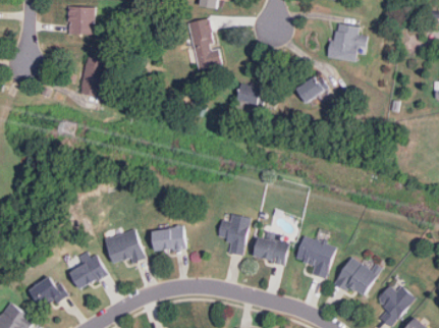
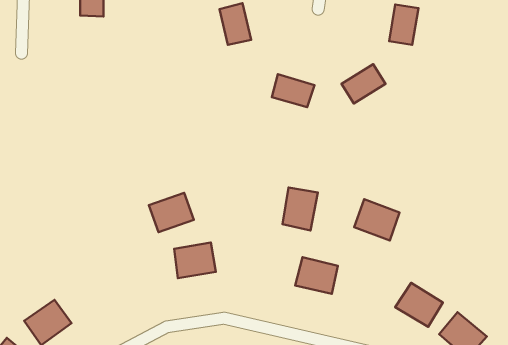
building: [80,60,106,94] -> none
building: [219,214,249,250] -> [282,188,318,230]
building: [105,231,143,264] -> [149,193,194,232]
building: [296,235,334,270] -> [354,199,399,241]
building: [67,255,107,291] -> none

